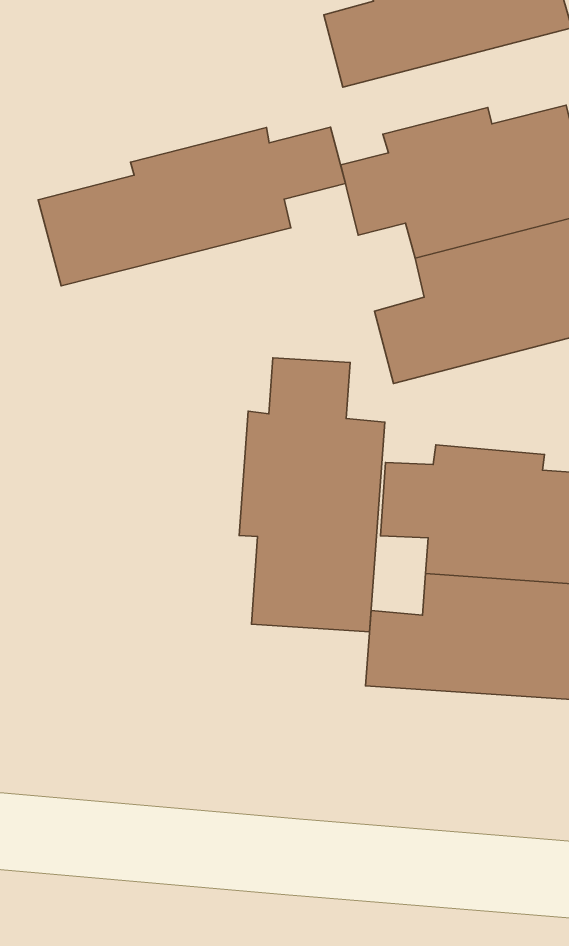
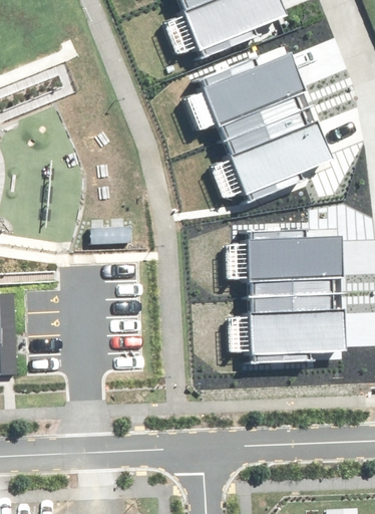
building: [38,127,346,286] -> none
building: [239,358,385,632] -> none

